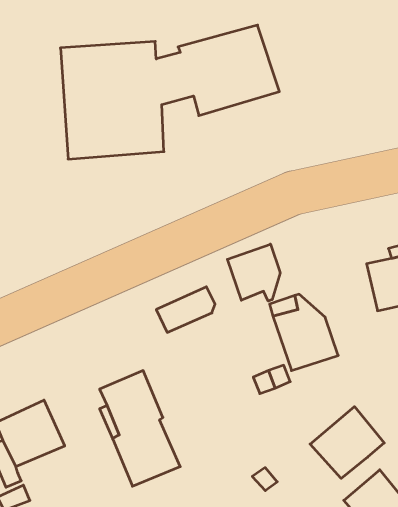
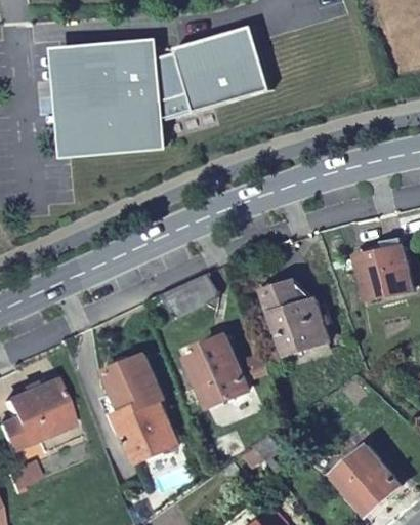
building: [227,244,280,301] -> none
building: none -> [185,334,244,401]
building: [310,407,384,478] -> none

